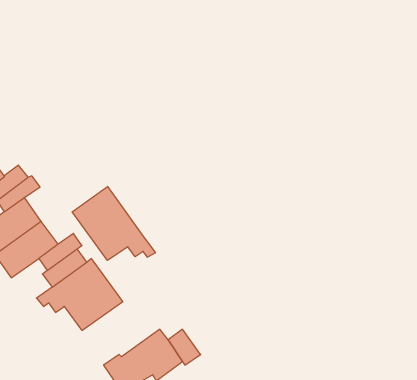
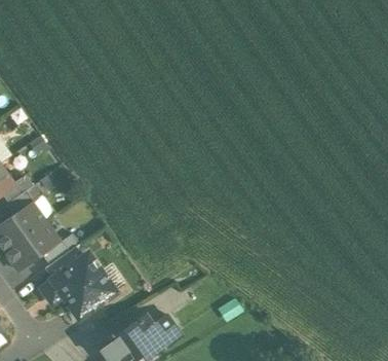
building: [72,186,155,260] -> none

